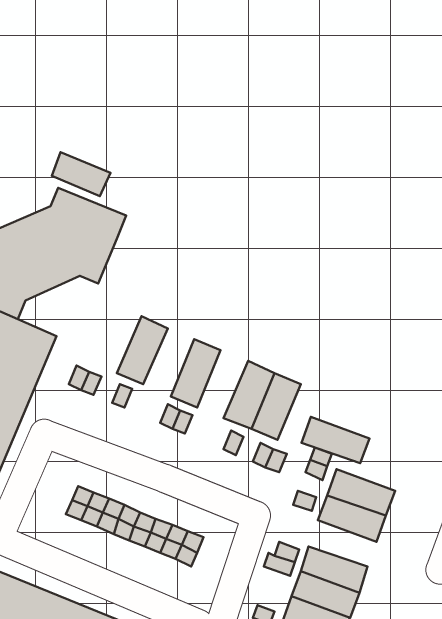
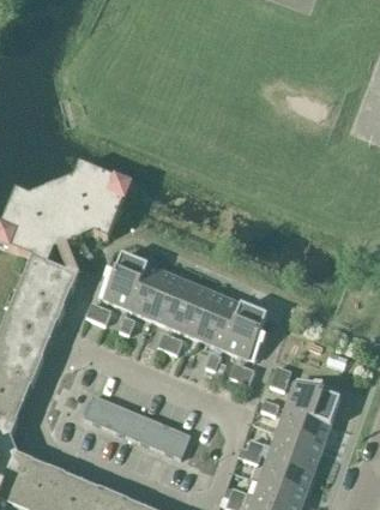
building: [52,152,111,196] -> none
building: none -> [103,253,143,306]
building: none -> [144,271,183,324]
building: none -> [186,288,225,341]
building: [301,417,369,463] -> [272,420,325,456]

